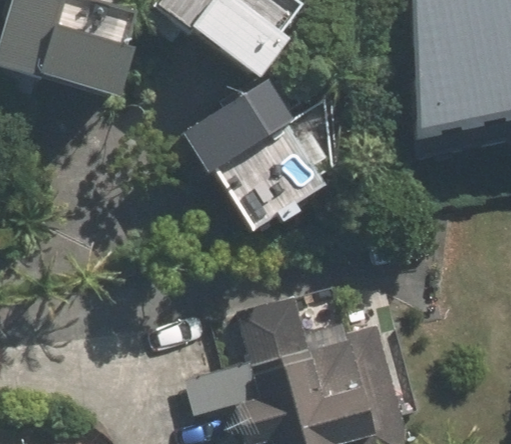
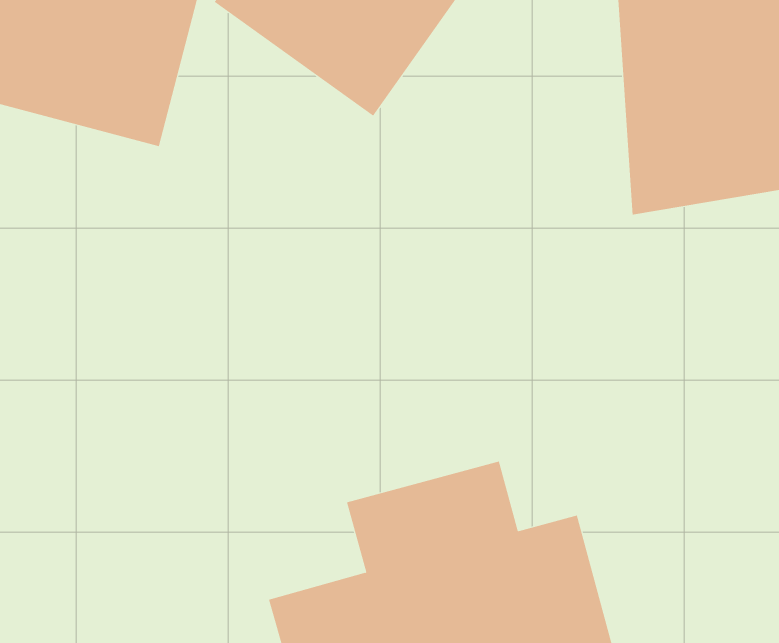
building: [180,80,329,232] -> none

